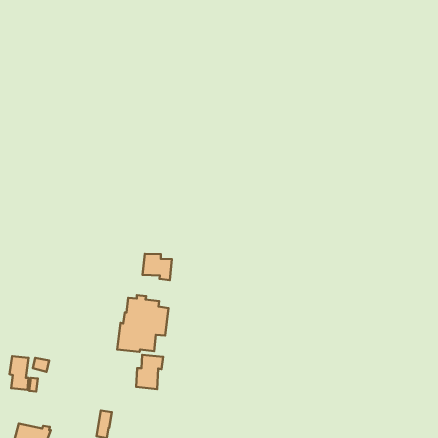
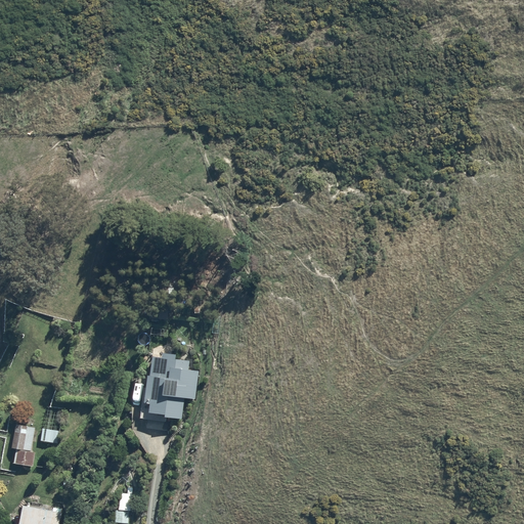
building: [143,254,172,280] -> none
building: [136,355,163,389] -> none

